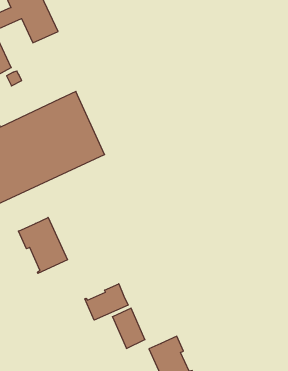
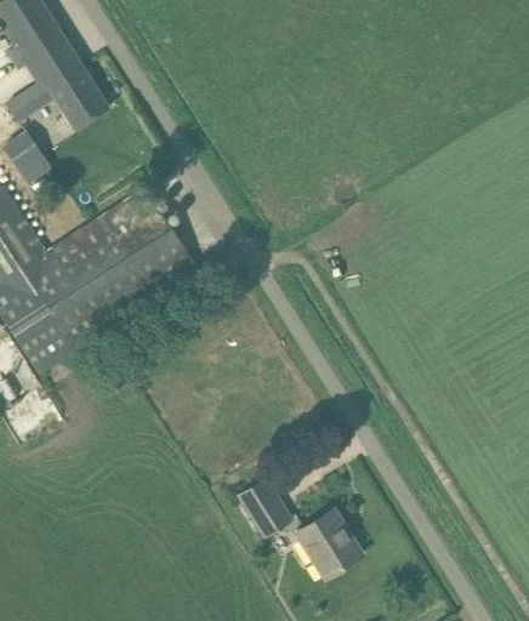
building: [18,217,68,273] -> none
building: [85,284,128,320] -> none

